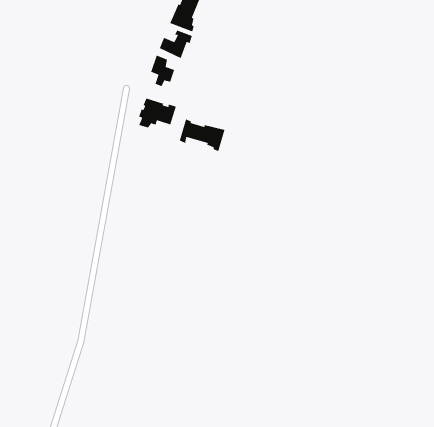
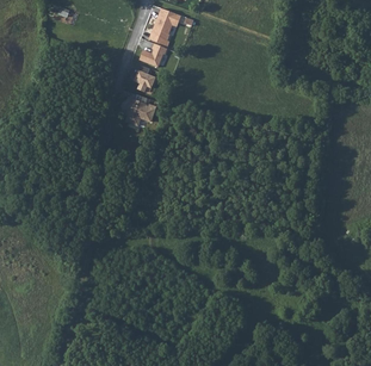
building: [179,118,225,152] -> none

